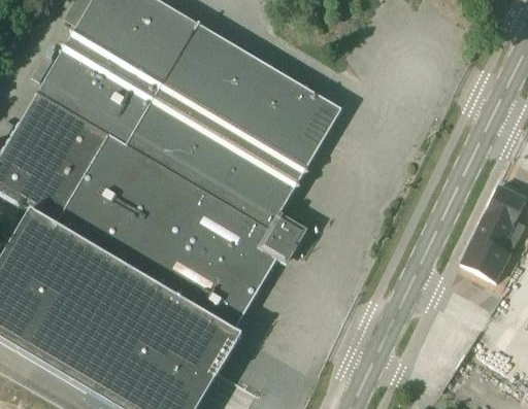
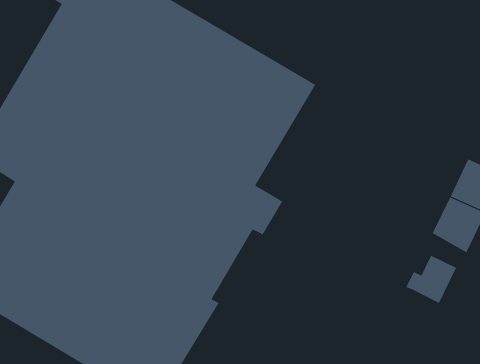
building: none -> [406,255,457,304]

